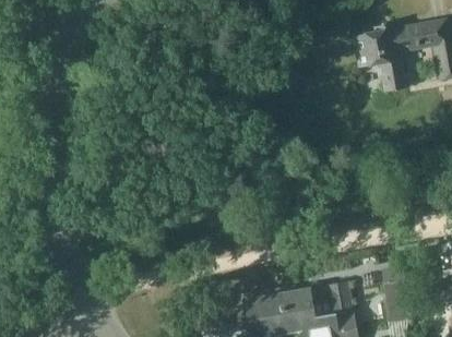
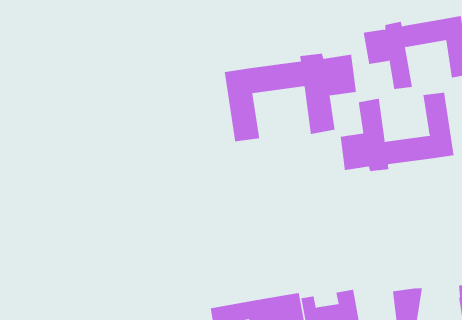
building: none -> [224,53,356,142]
building: none -> [340,92,454,172]

